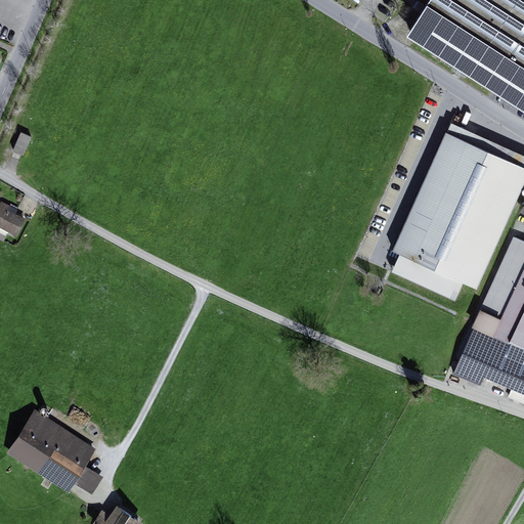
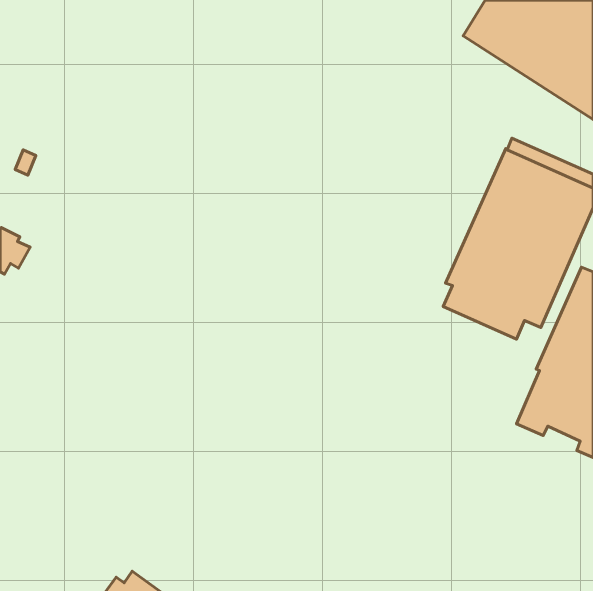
building: [6,412,104,496] -> none

